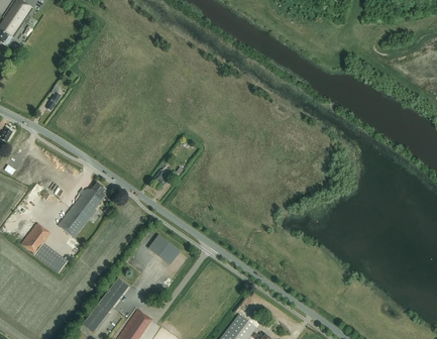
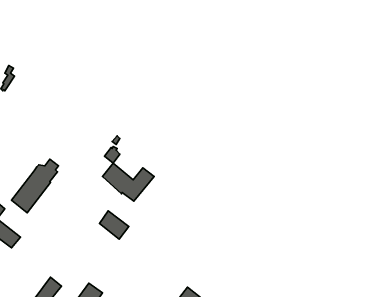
building: none -> [102,163,154,201]
building: [98,276,129,312] -> none

